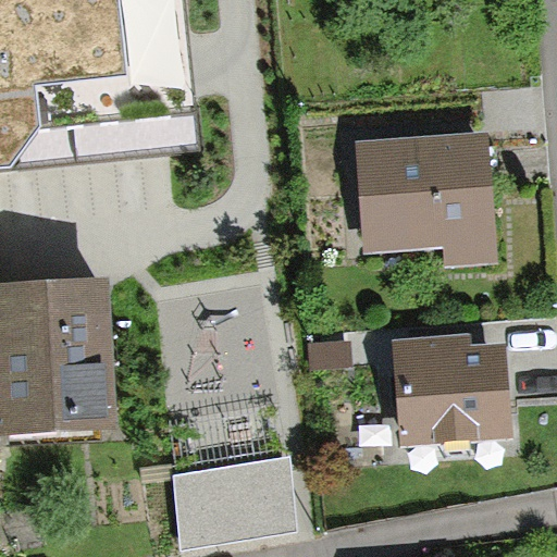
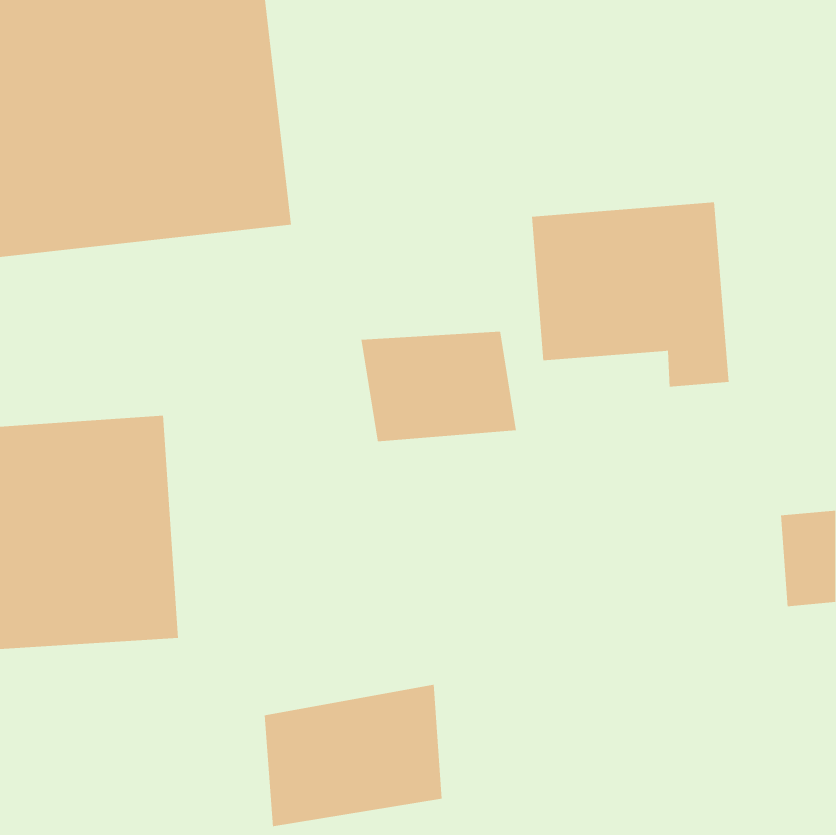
building: none -> [361,331,517,442]
building: [394,342,496,444] -> none

